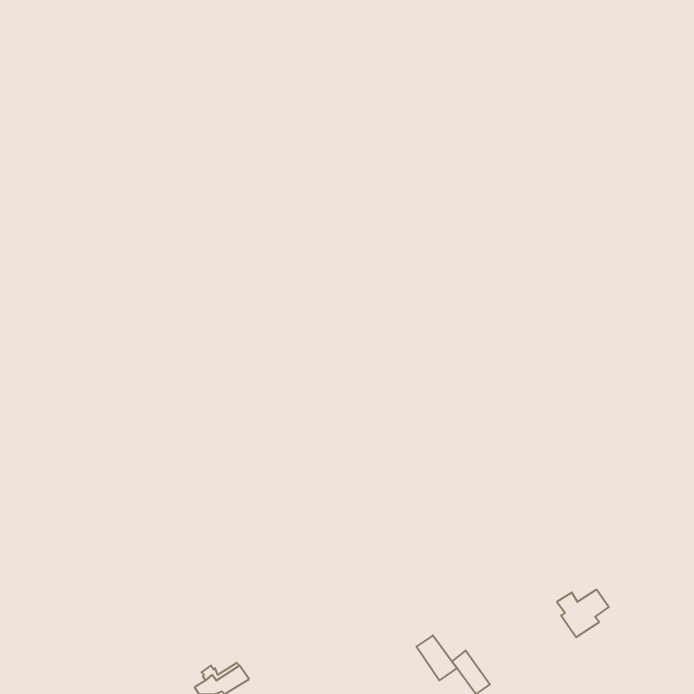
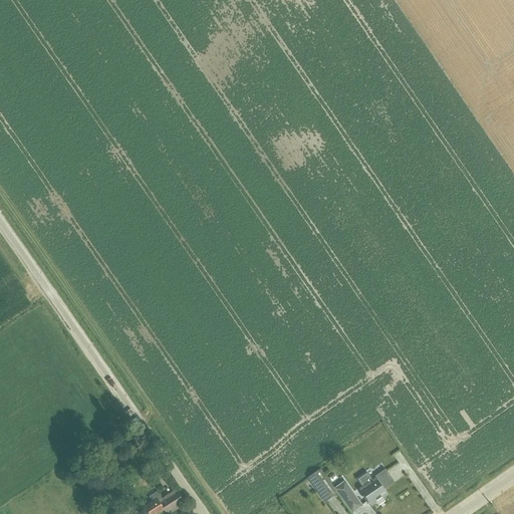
building: [557,590,609,637] -> [355,469,394,504]

